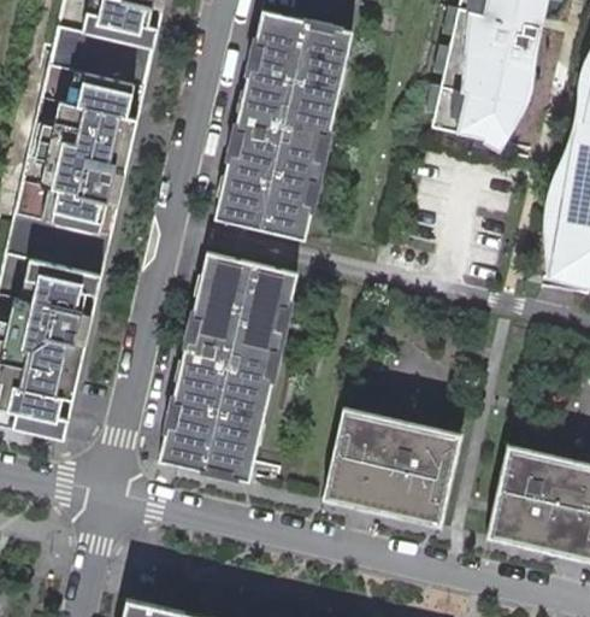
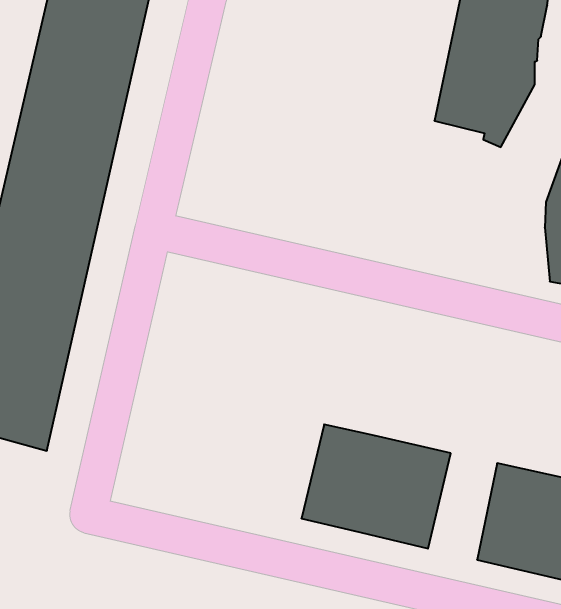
building: [217,10,354,237] -> none
building: [163,249,299,478] -> none

